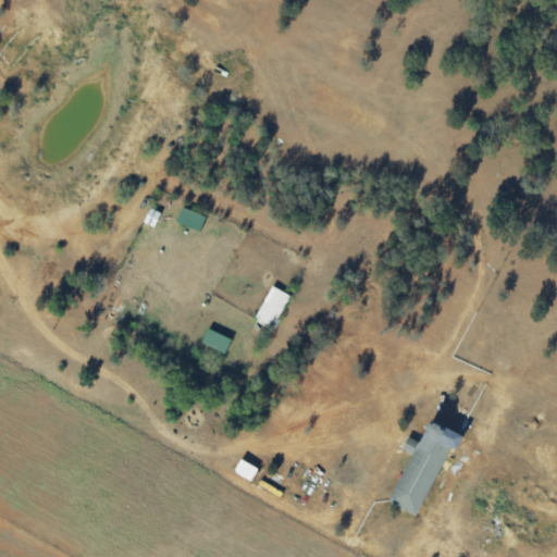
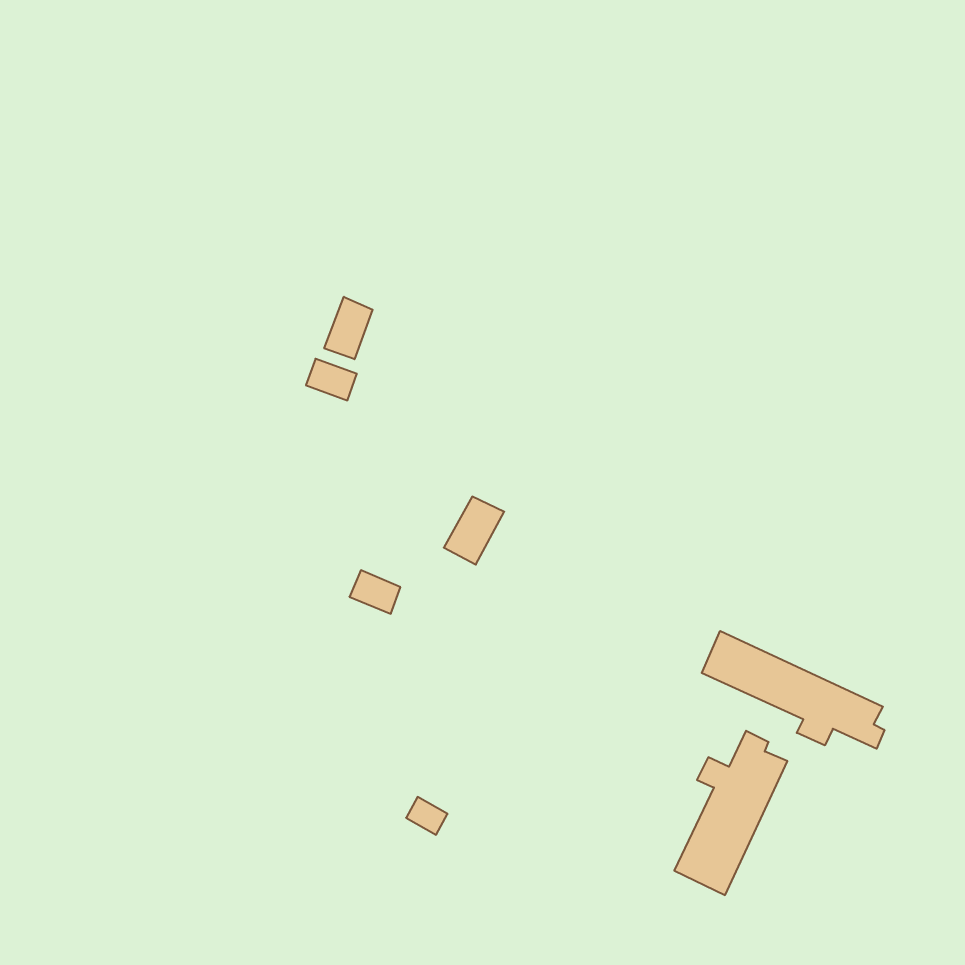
building: none -> [324,297,373,359]
building: none -> [702,631,884,749]

